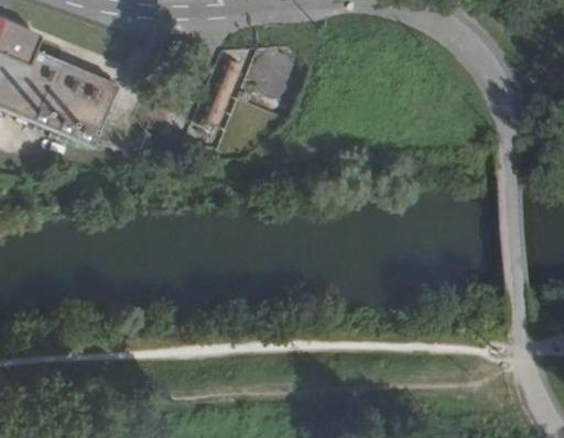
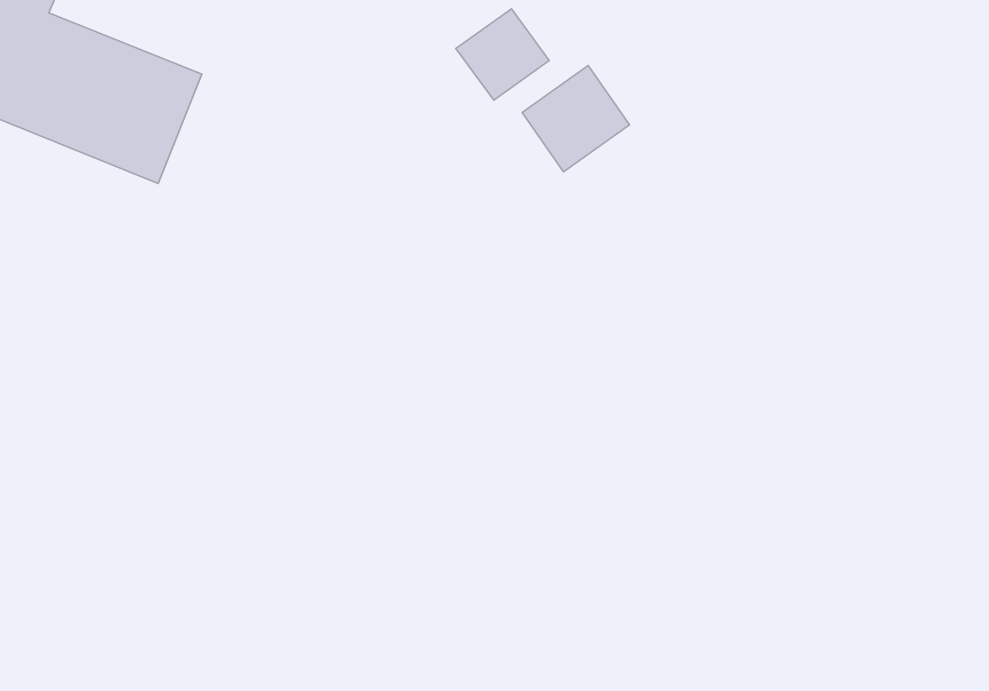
building: none -> [522,65,629,172]

